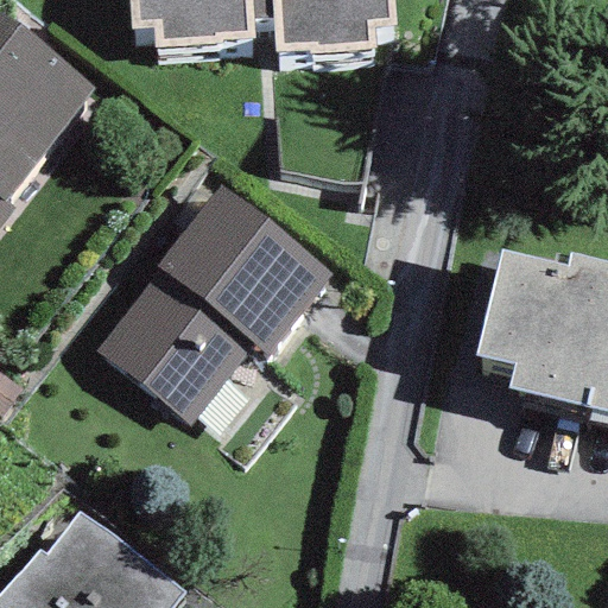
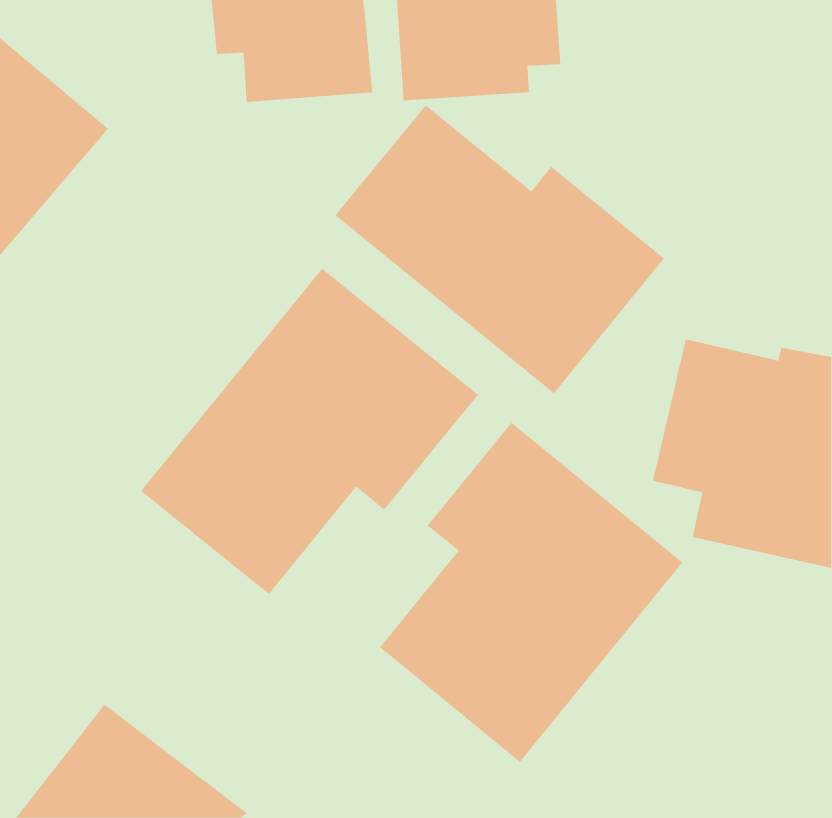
building: none -> [335,104,665,394]
building: none -> [379,422,683,763]

